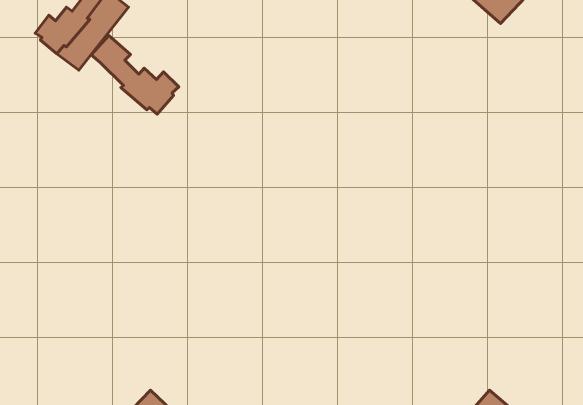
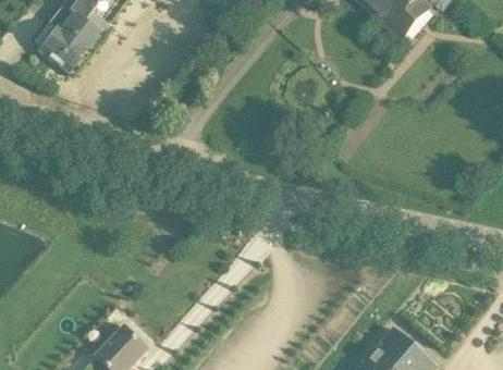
building: [91,35,179,114] -> none

